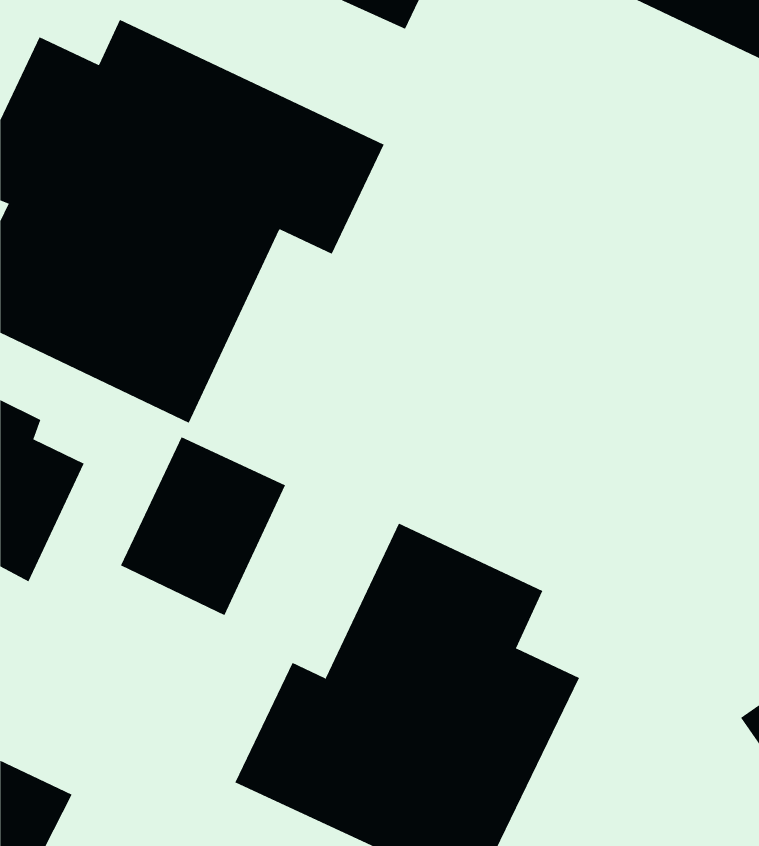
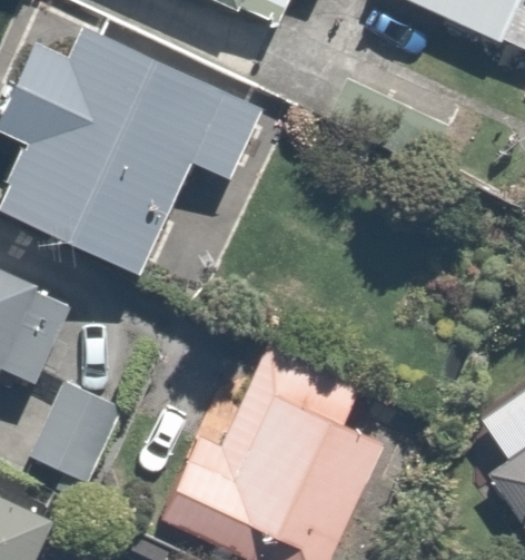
building: [120,436,286,616] -> [23,380,129,494]

